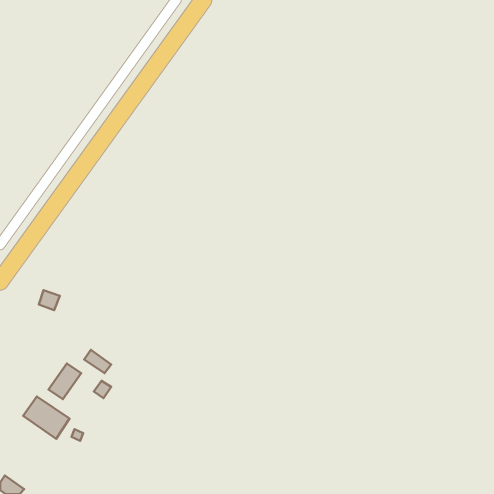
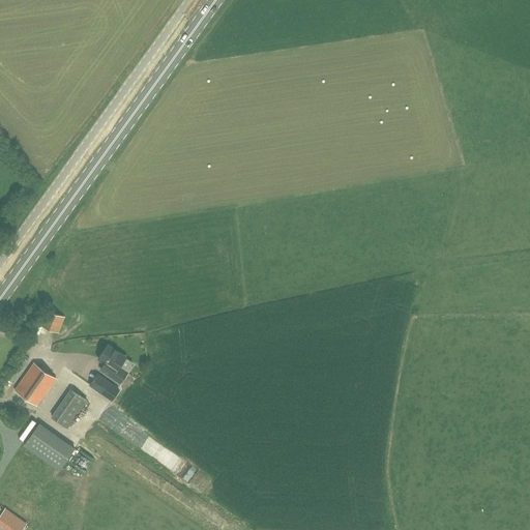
building: none -> [97,345,127,383]
building: none -> [14,362,56,406]

